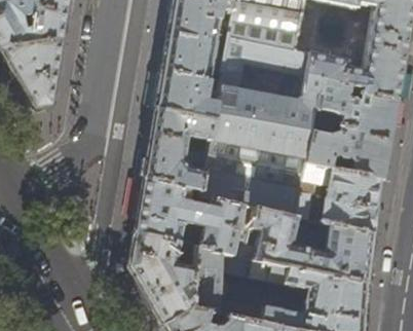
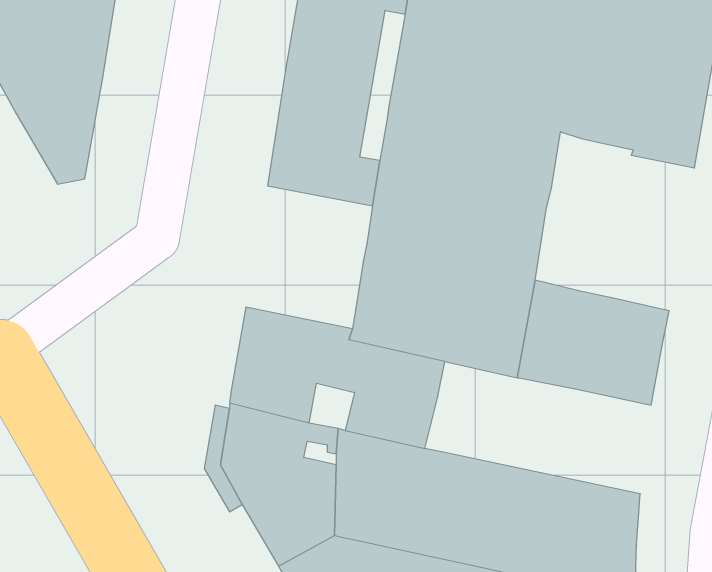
building: [307,77,398,179] -> none
building: [143,108,215,189] -> none
building: [252,208,373,283] -> none

